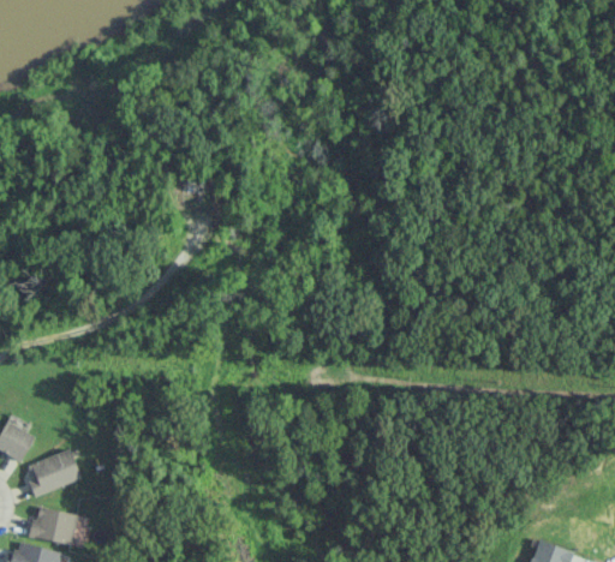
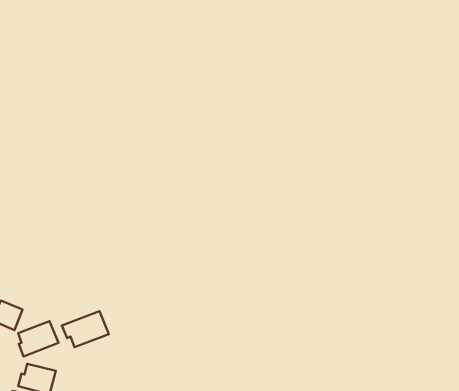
building: none -> [62,311,109,347]

